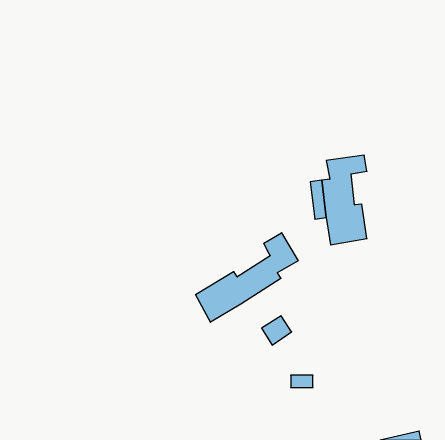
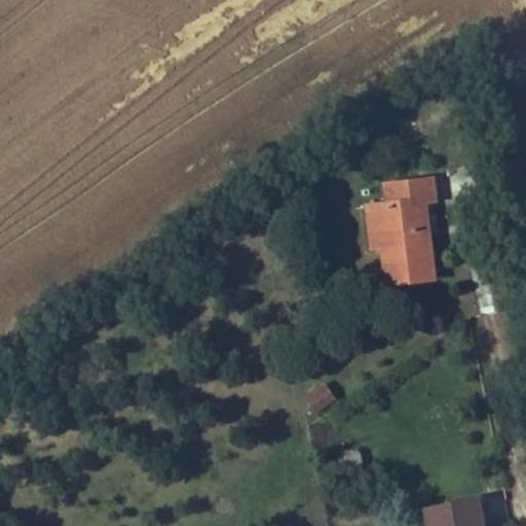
building: [196,233,298,322] -> none

